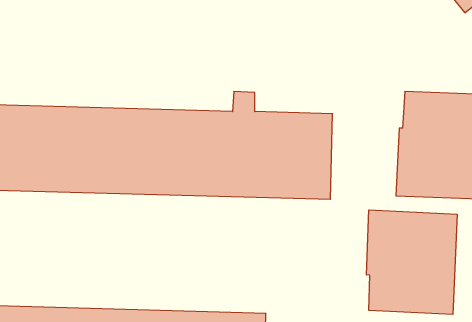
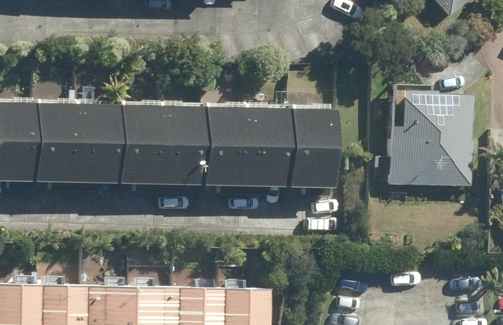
building: [367,210,457,314] -> none

